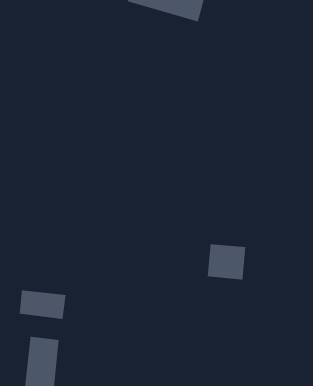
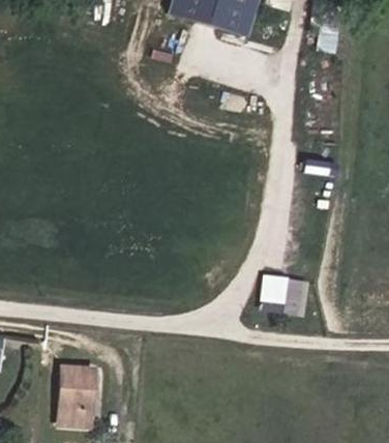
building: [19,289,66,320] -> none

